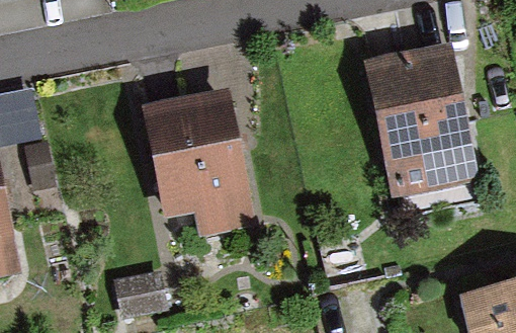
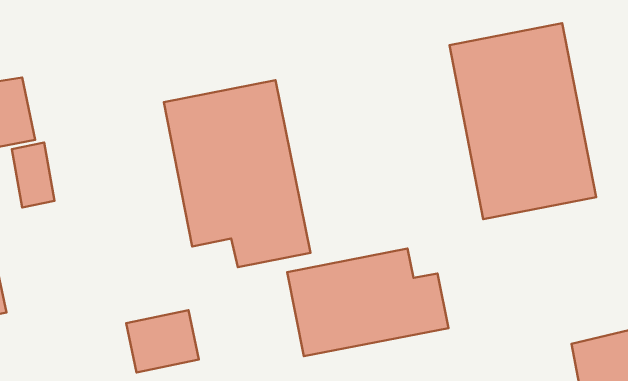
building: none -> [287,248,448,356]

